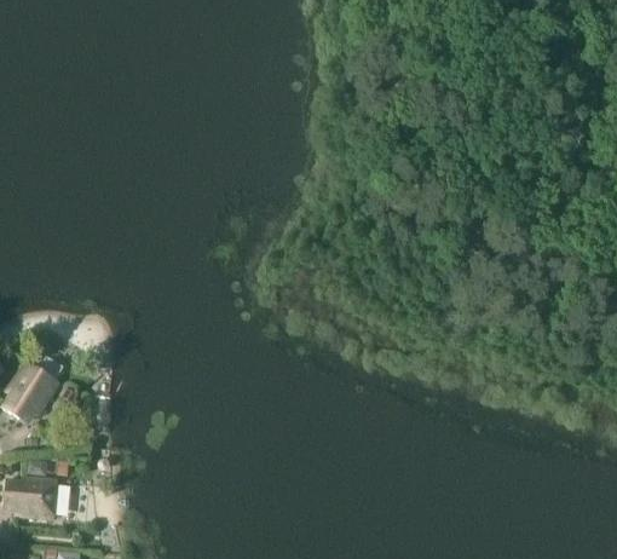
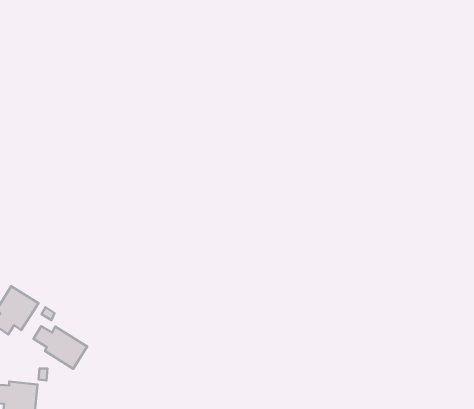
building: none -> [34,326,87,369]

